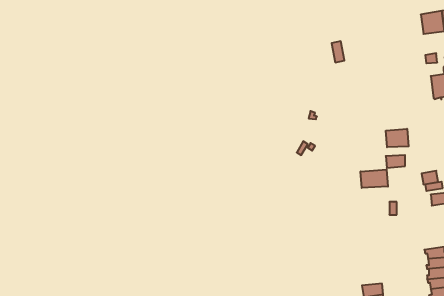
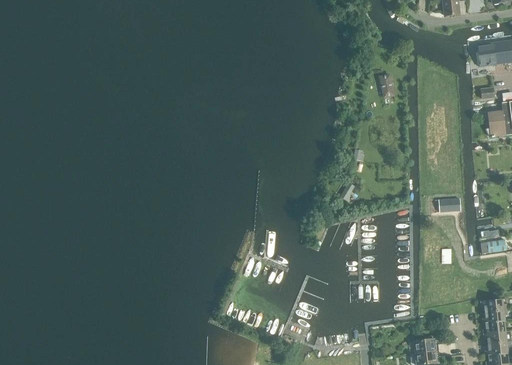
building: [386,129,409,147] -> none
building: [361,169,388,188] -> none

